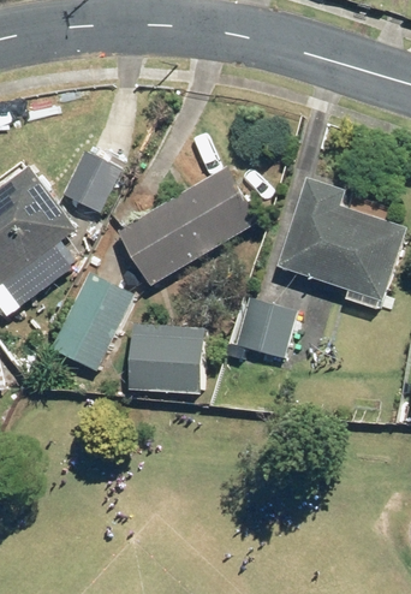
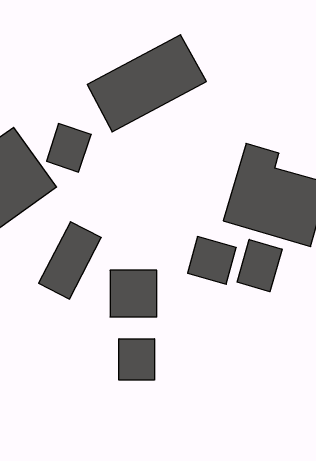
building: [112,168,256,286] -> [87,35,206,132]
building: none -> [237,239,282,292]
building: none -> [119,339,154,380]

